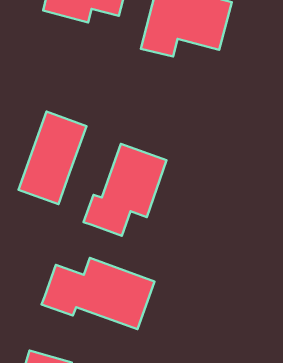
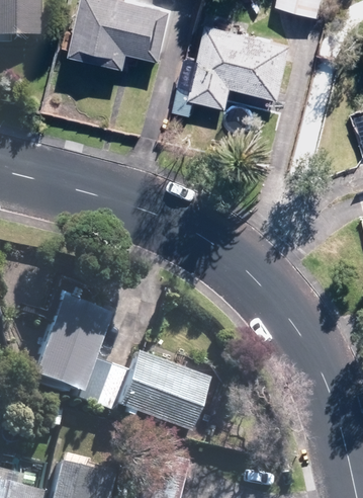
building: [19,112,87,204] -> [31,282,112,393]
building: [83,144,167,236] -> none

